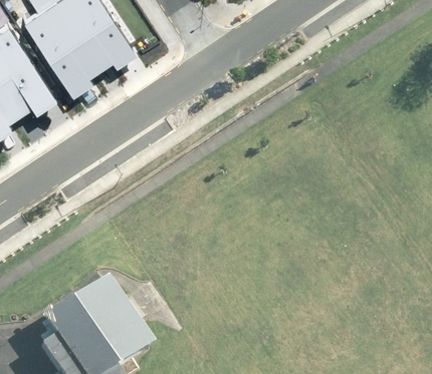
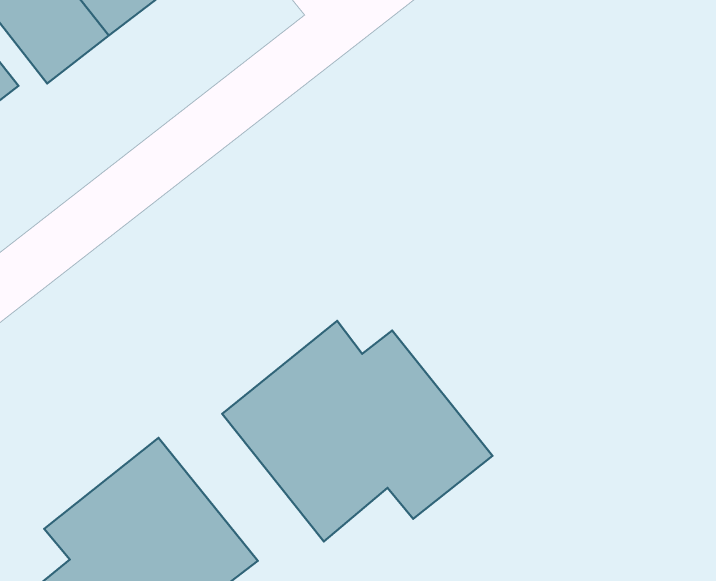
building: none -> [222,321,492,541]

